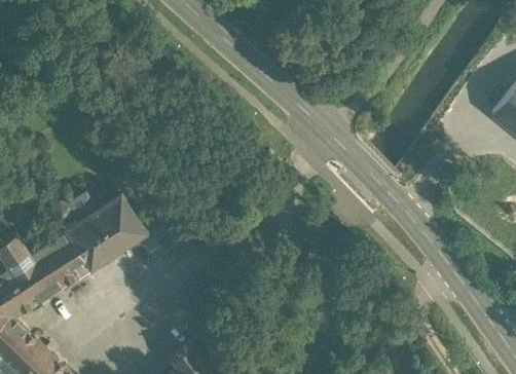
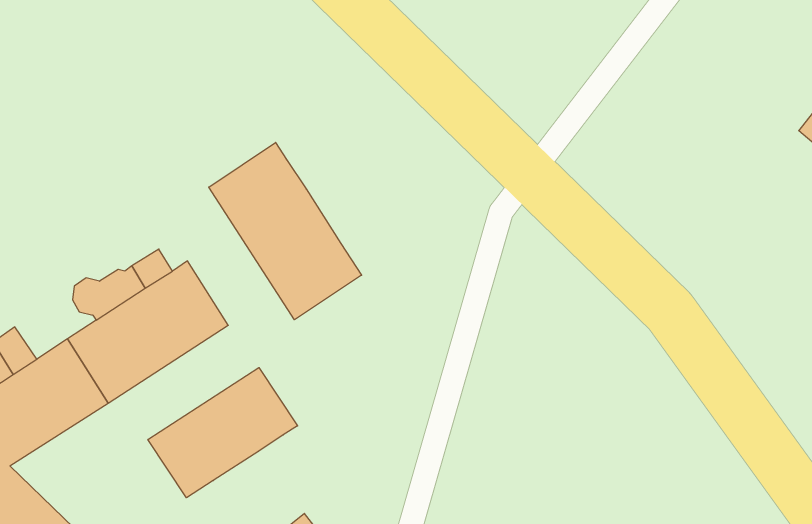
building: none -> [209,142,362,320]
building: none -> [148,368,298,498]

